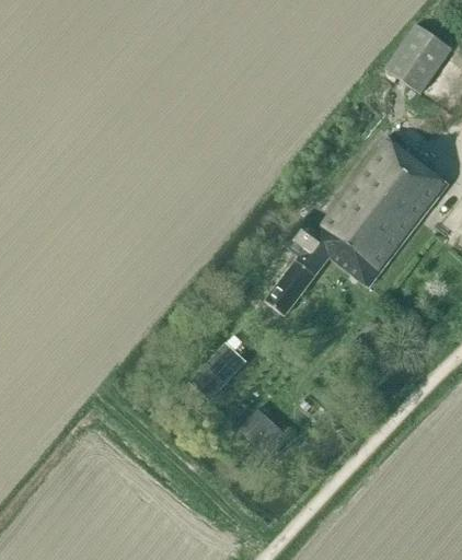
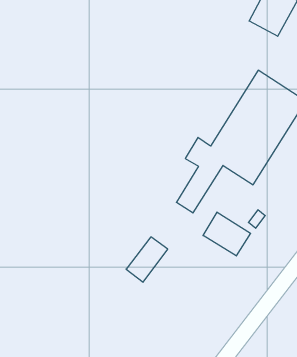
building: none -> [203,212,251,256]
building: [238,408,288,457] -> none

